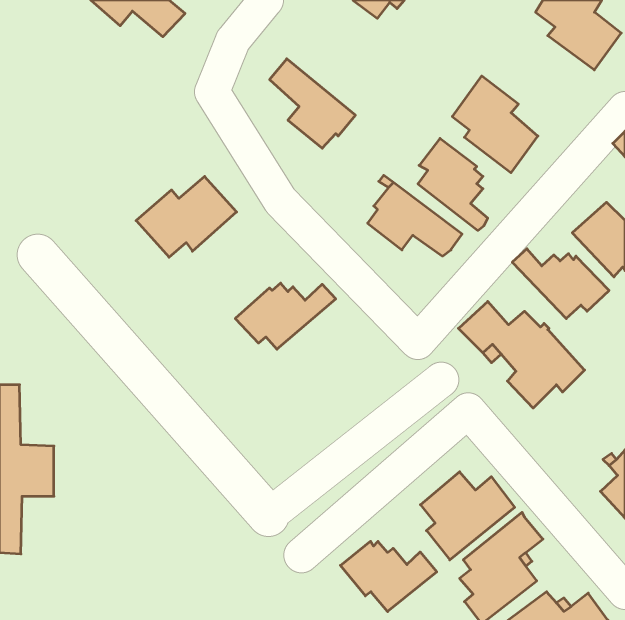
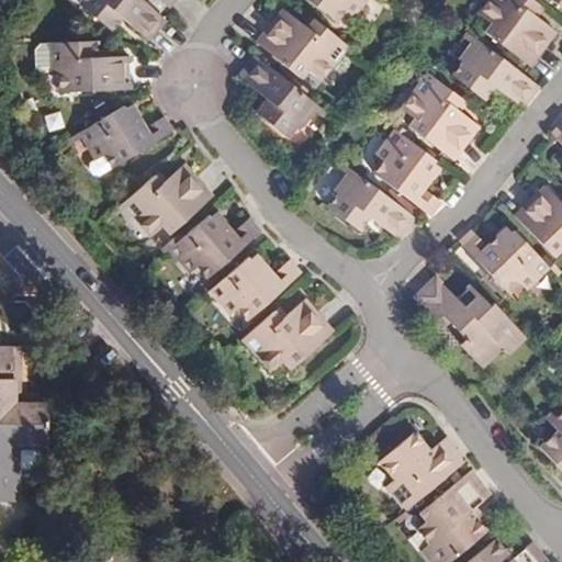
building: none -> [261,12,351,81]
building: none -> [450,37,539,109]
building: none -> [49,42,127,90]
building: none -> [79,109,171,166]
building: none -> [169,216,260,277]
building: none -> [239,297,333,370]
building: [340,541,437,612] -> none

